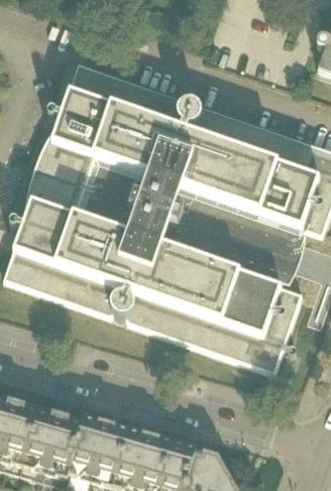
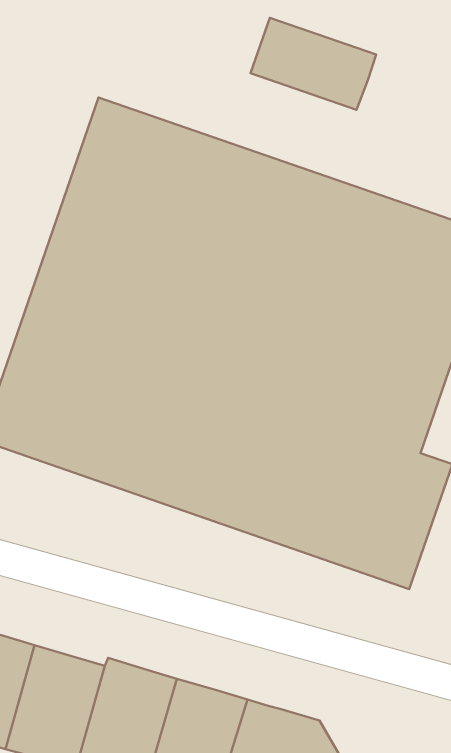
building: none -> [250,18,376,110]

